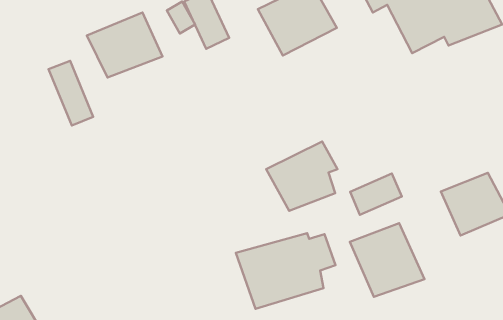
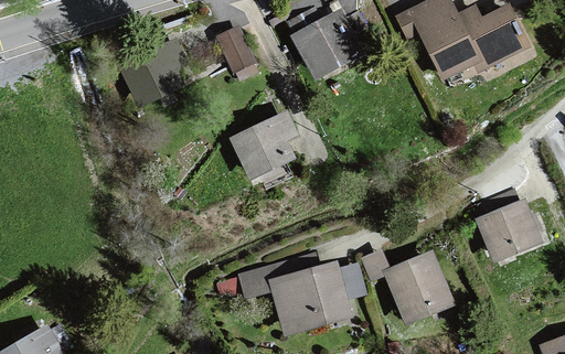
building: [49,61,93,125] -> none
building: [266,142,337,211] -> [230,110,301,180]
building: [350,173,402,215] -> none

